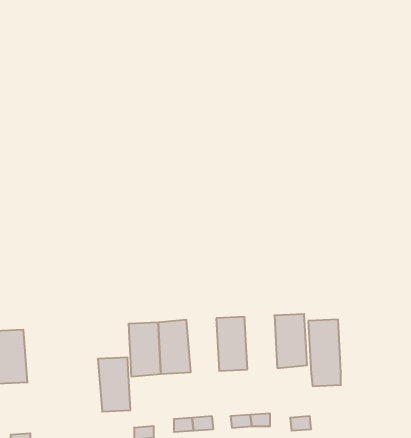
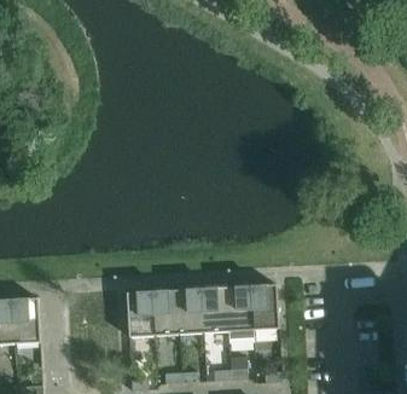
building: [308,320,341,386] -> [226,285,254,342]
building: [98,358,130,412] -> [176,288,204,334]

